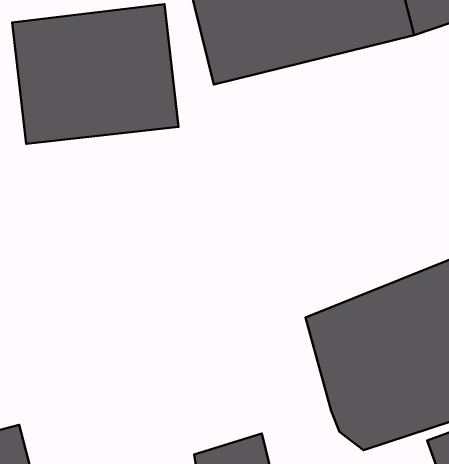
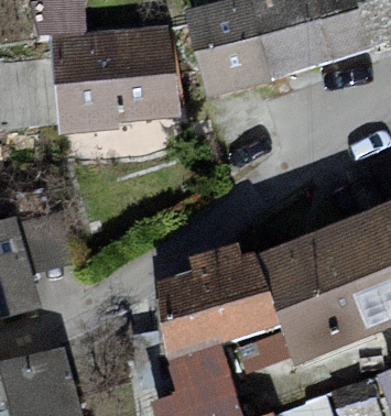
building: none -> [174,253,297,375]

